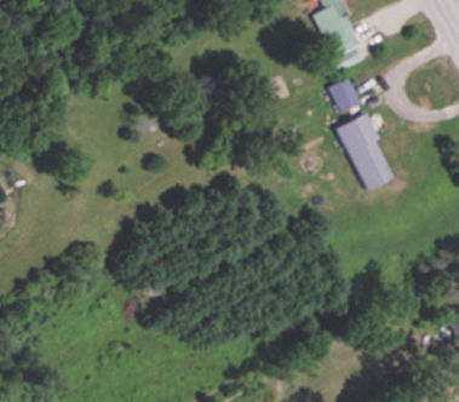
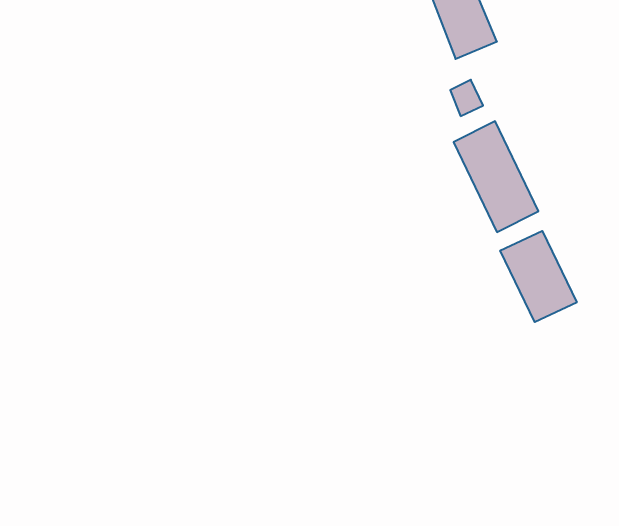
building: none -> [500,231,577,322]

